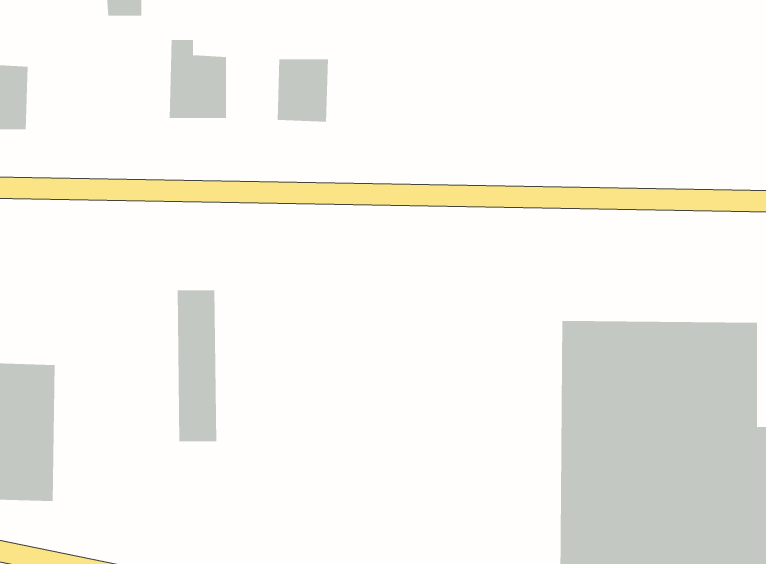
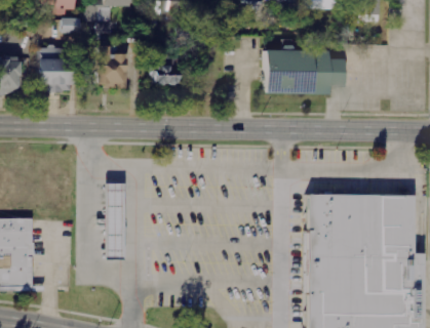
building: none -> [36,48,71,91]
building: none -> [265,49,345,94]

